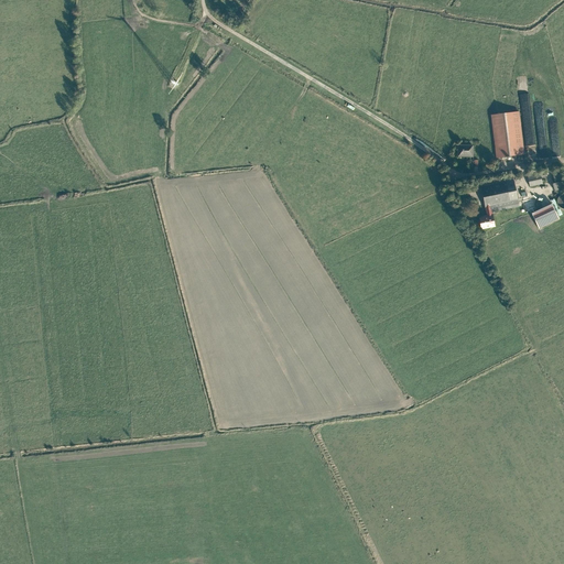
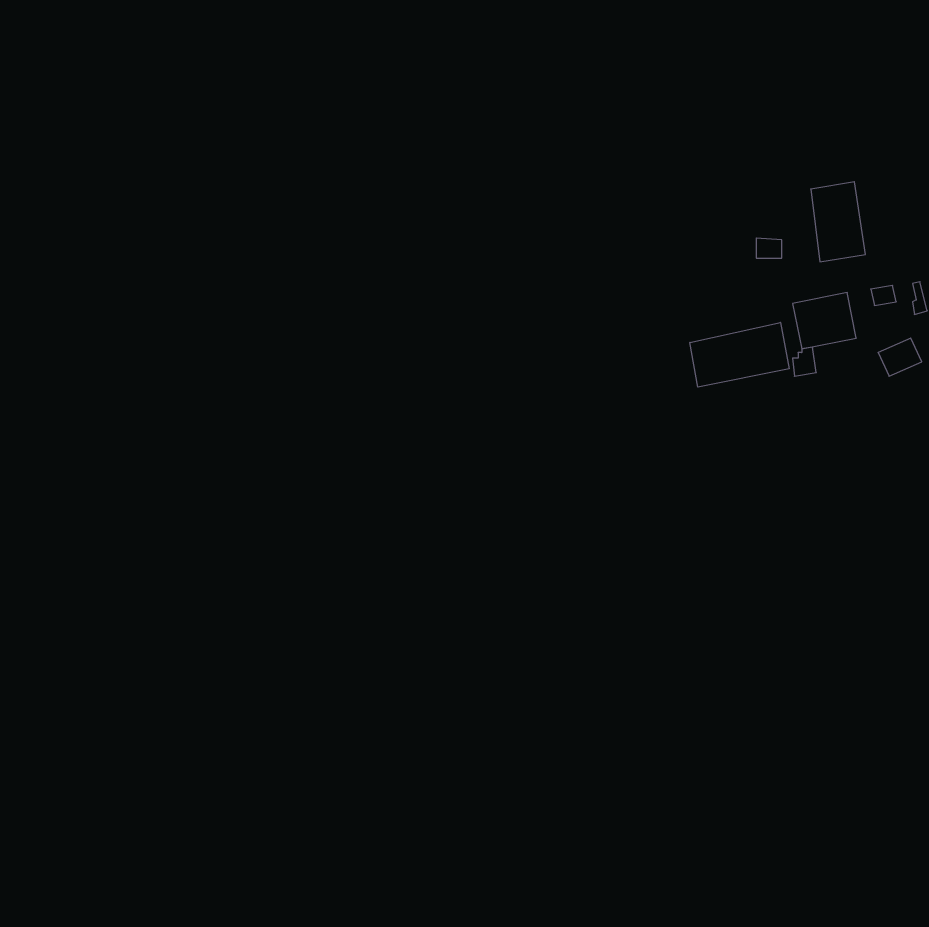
building: none -> [690,322,789,387]

